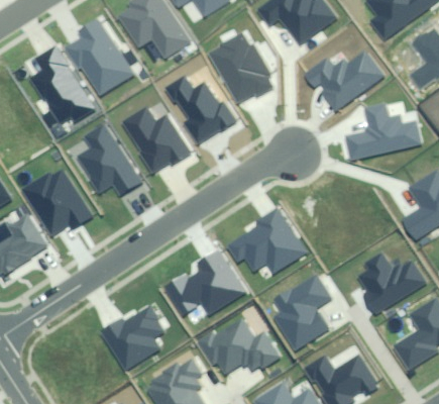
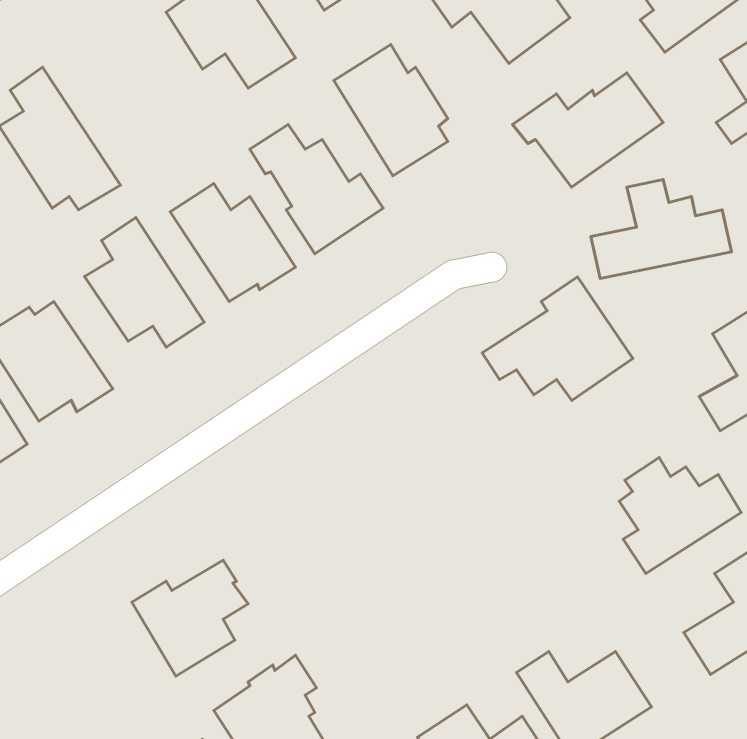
building: [66,19,133,96] -> none
building: [228,207,308,273] -> [482,277,633,400]
building: [166,250,247,316] -> none
building: [275,276,332,350] -> none
building: [201,320,280,373] -> none

